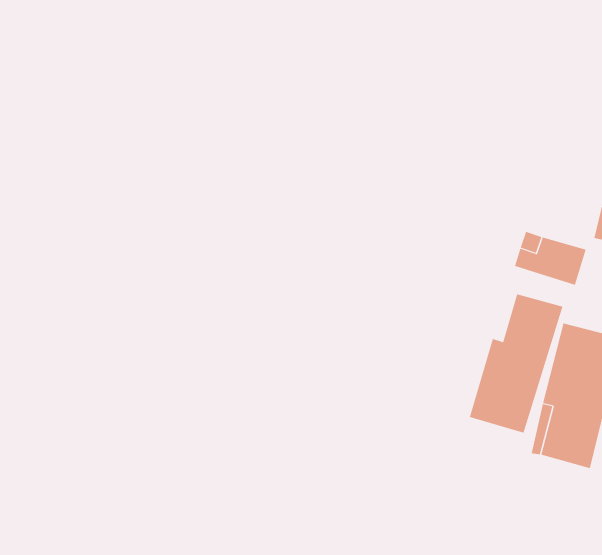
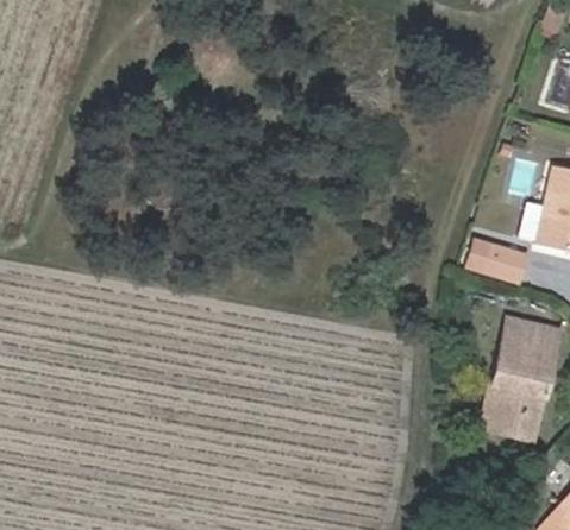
building: [469,294,563,434] -> none

